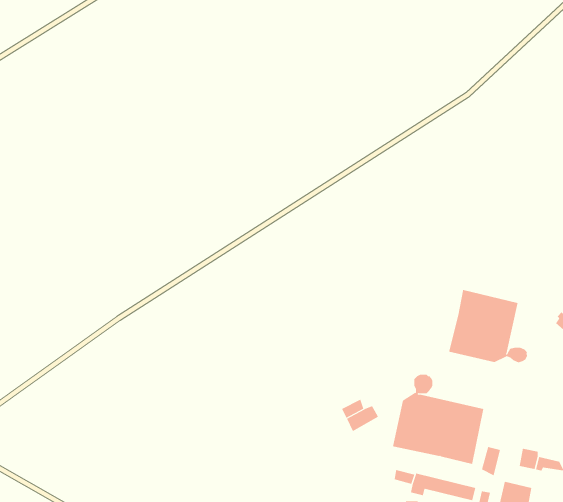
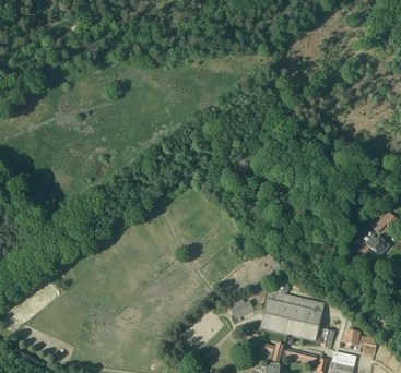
building: [449,289,528,363] -> none

